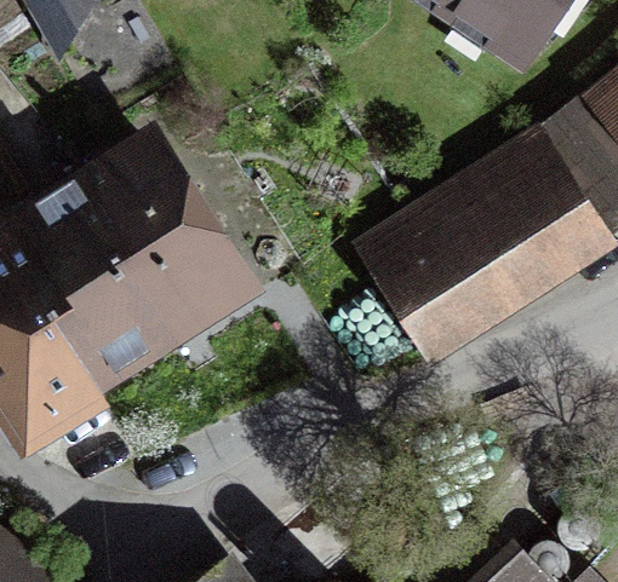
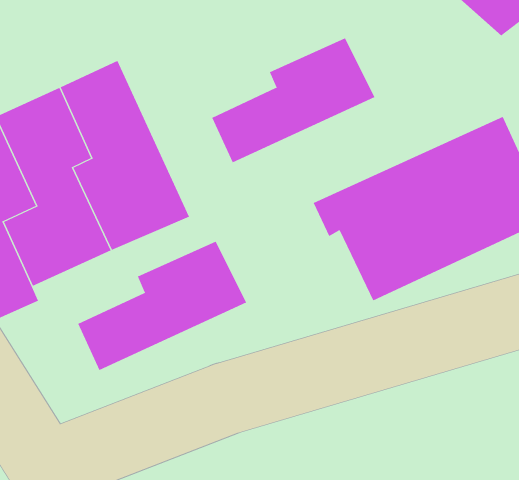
building: none -> [211,37,375,163]
building: none -> [77,241,247,371]

